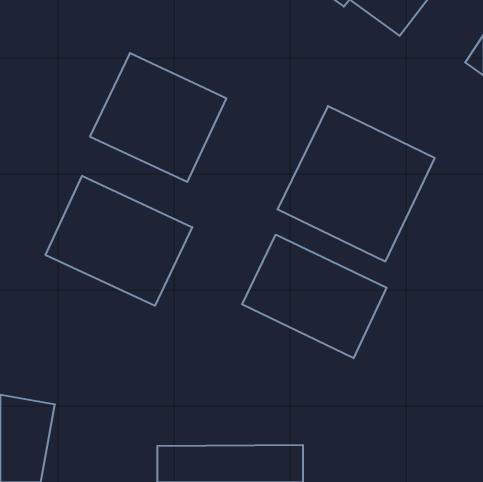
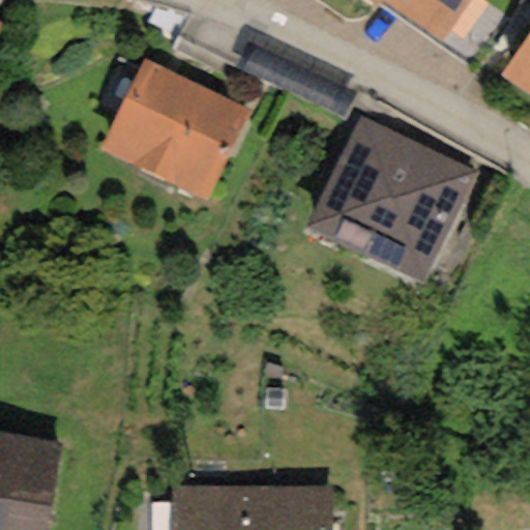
building: [46,176,192,306] -> none
building: [242,235,387,358] -> none

